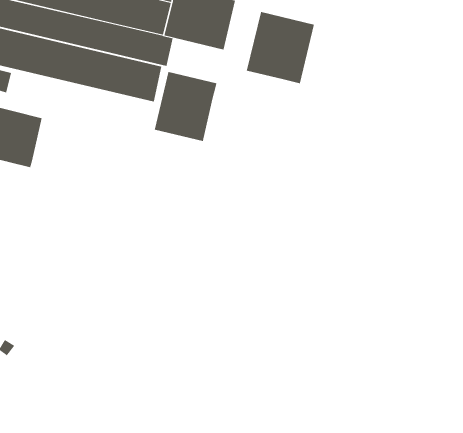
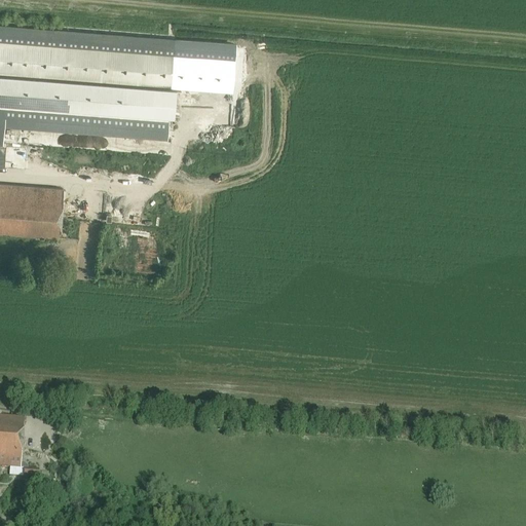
building: [246,11,315,84] -> none
building: [154,71,217,142] -> none

